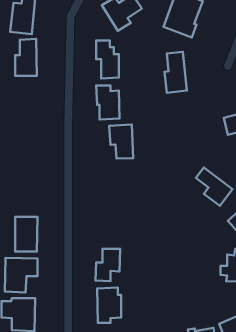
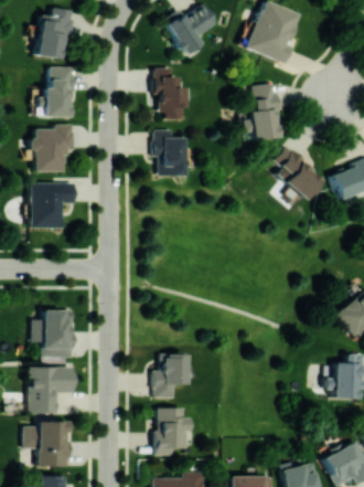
building: none -> [34,125,73,172]
building: none -> [30,183,74,229]
building: [109,125,133,158] -> none
building: [196,167,233,206] -> [270,147,321,200]

